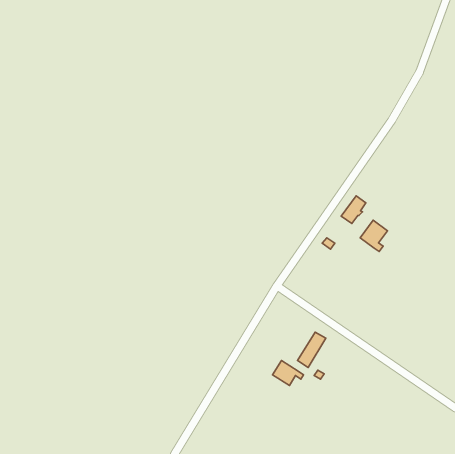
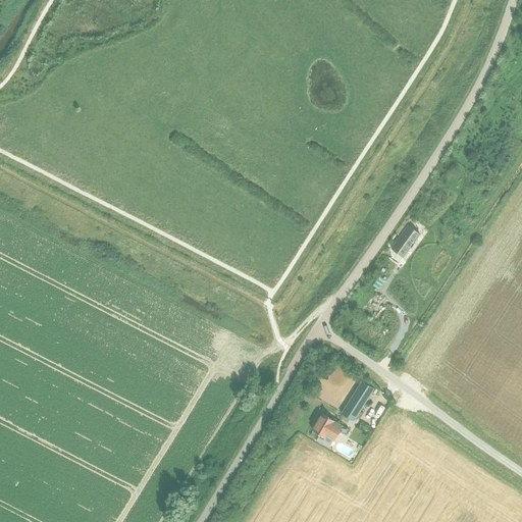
building: [360,220,387,251] -> none

